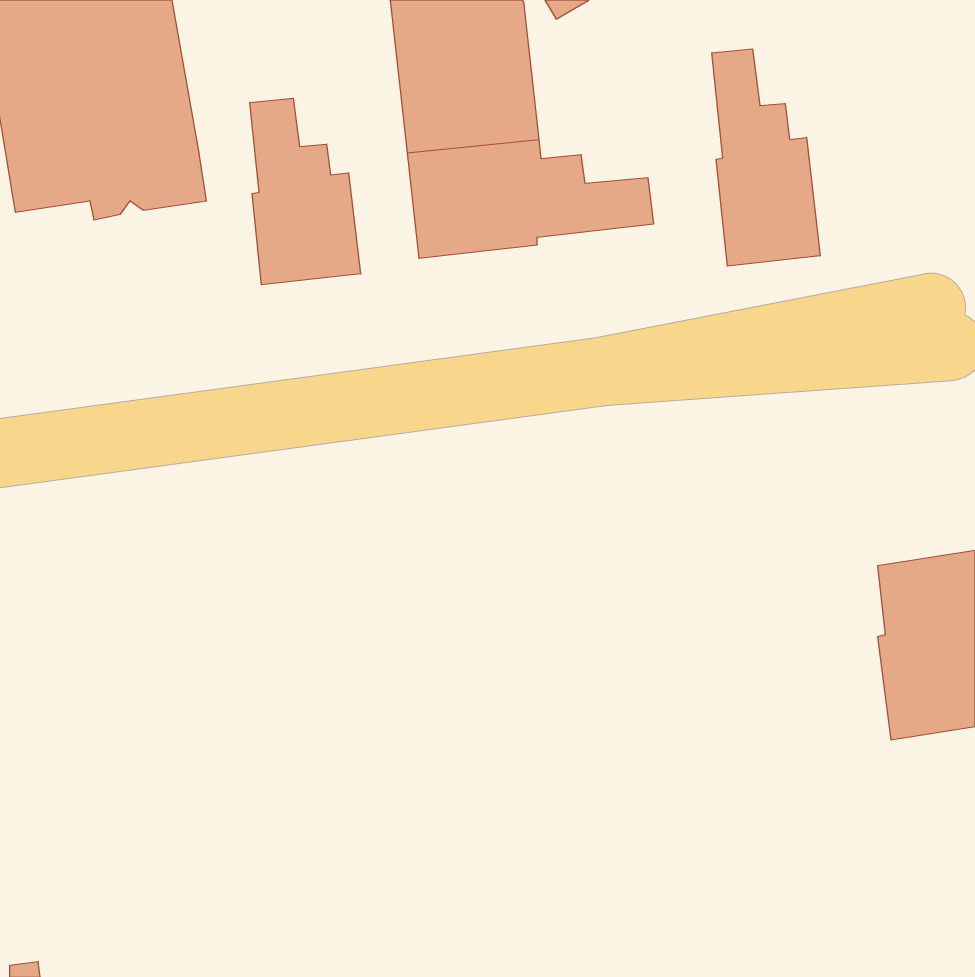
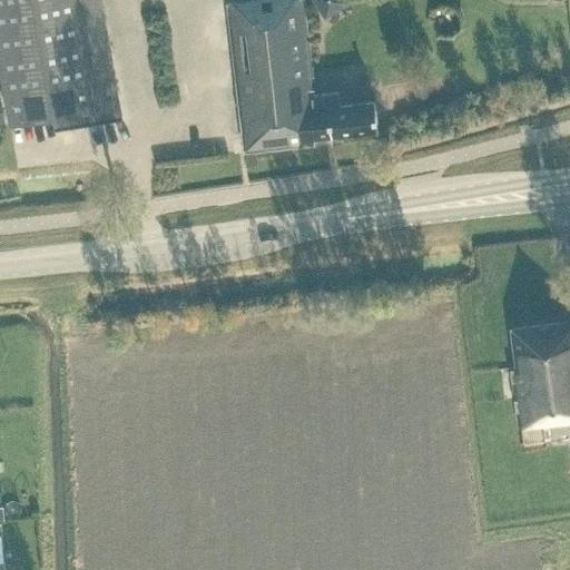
building: [712,49,820,266] -> none
building: [250,98,360,285] -> none

